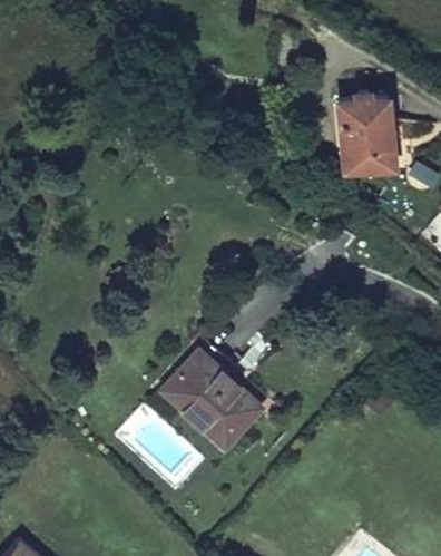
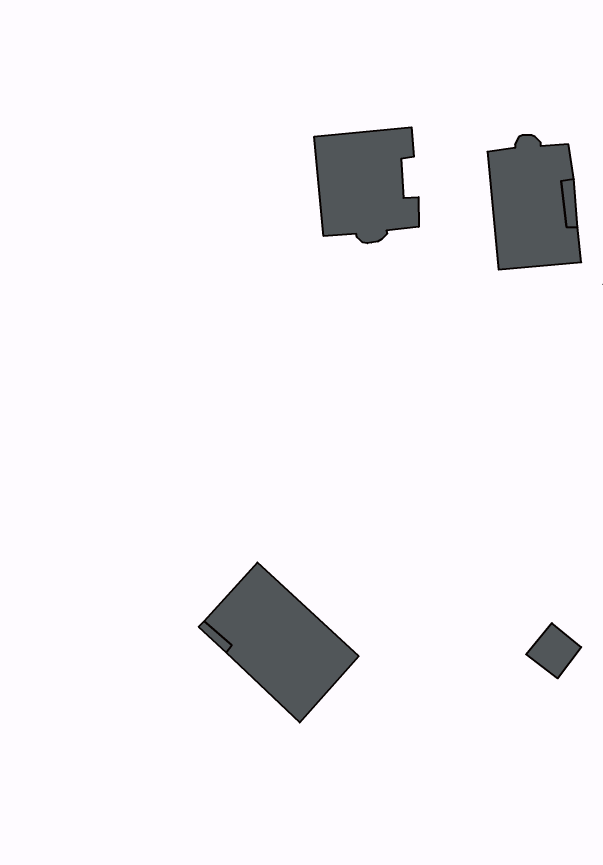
building: none -> [314,127,419,243]

